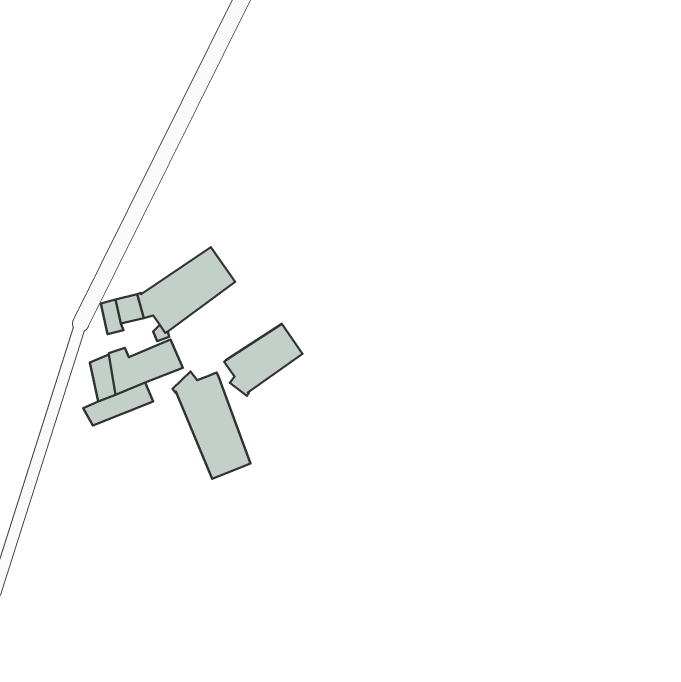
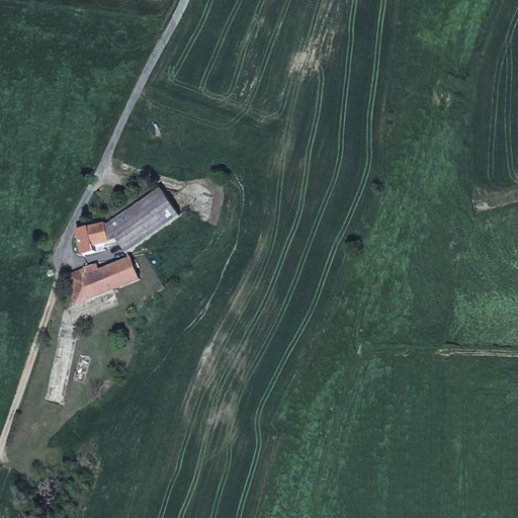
building: [224,324,303,396] -> none
building: [172,372,251,479] -> none

